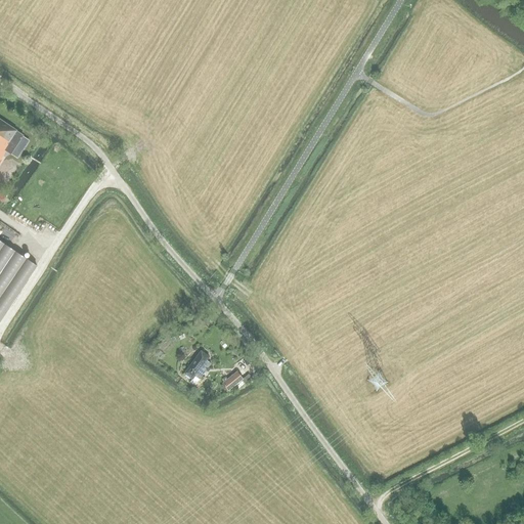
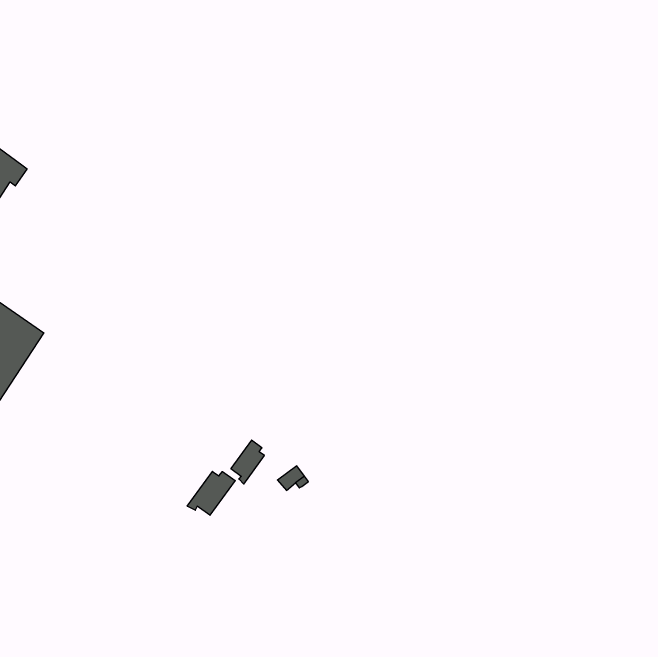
building: none -> [187,471,235,515]

